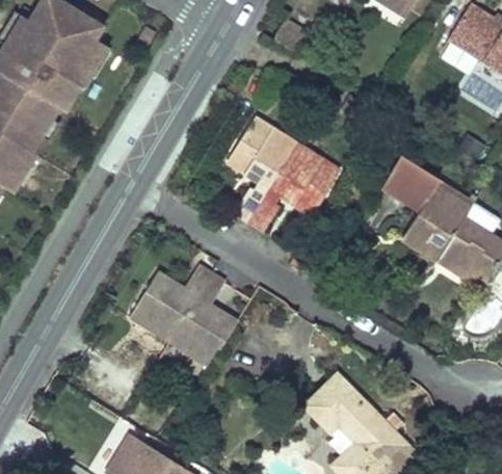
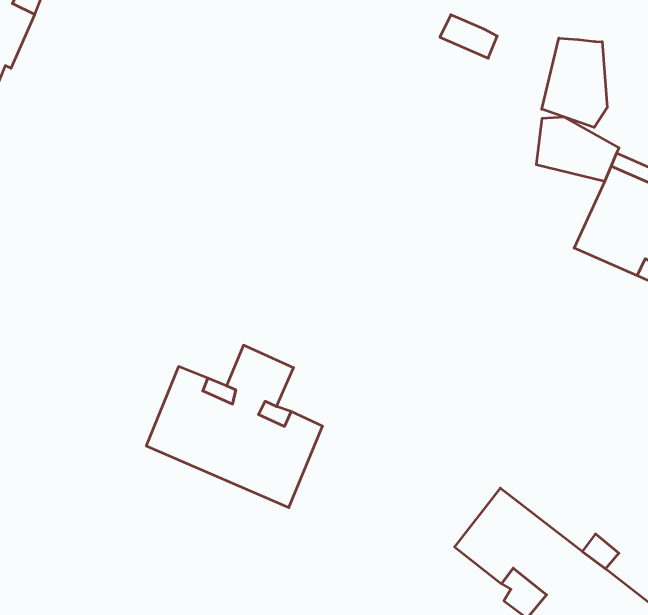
building: [222,110,337,225] -> none
building: none -> [542,38,607,127]

